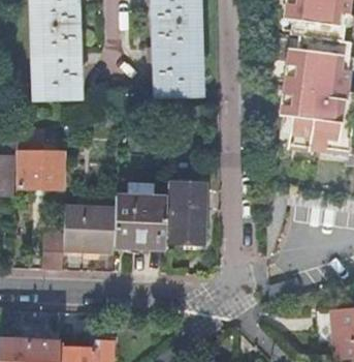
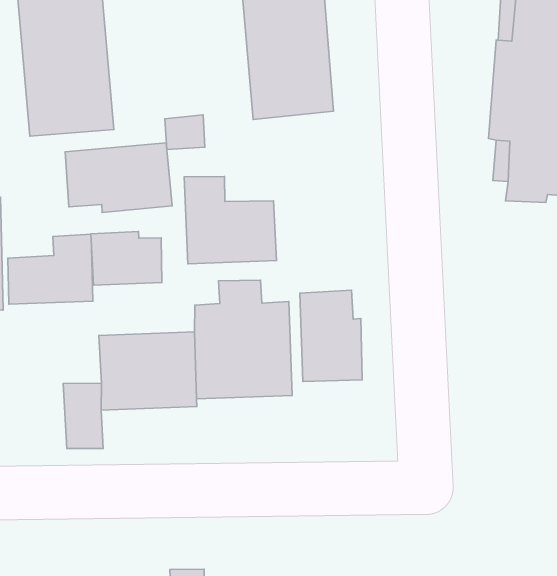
building: none -> [65,143,172,213]
building: none -> [184,177,277,264]
building: none -> [91,231,162,285]

